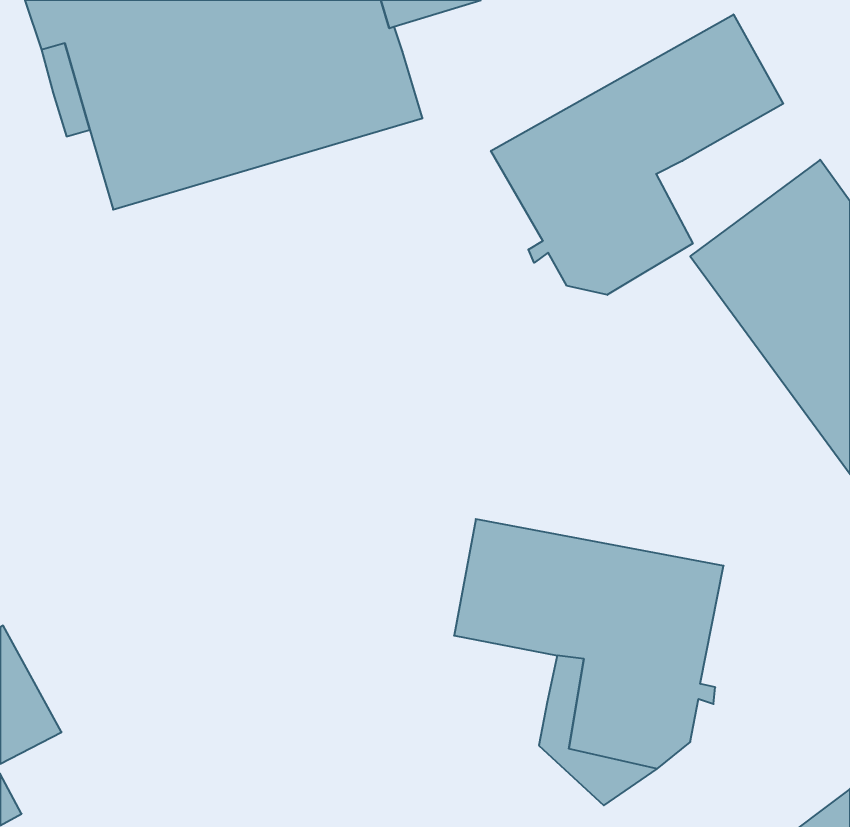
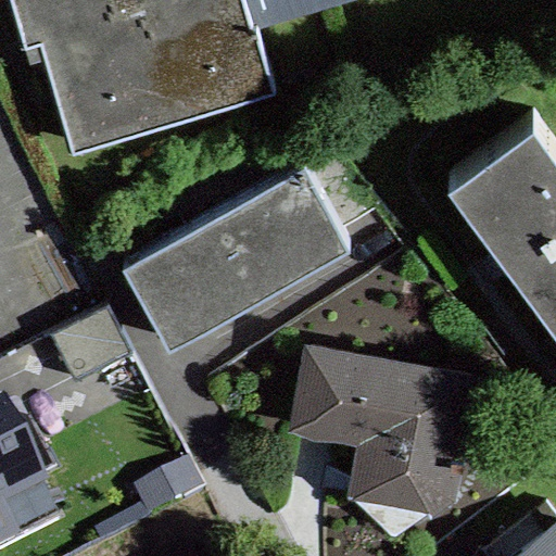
building: [491,14,783,295] -> none
building: none -> [125,166,350,348]

